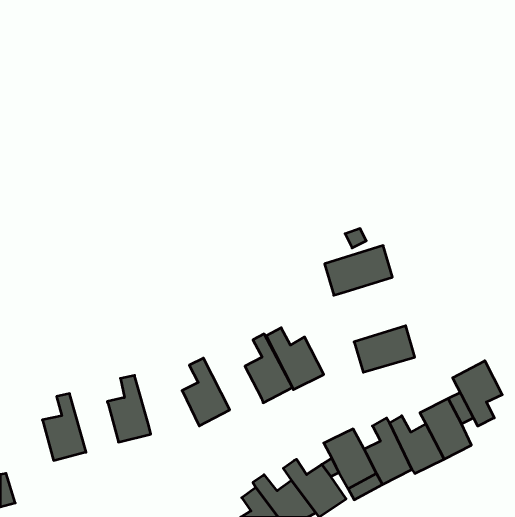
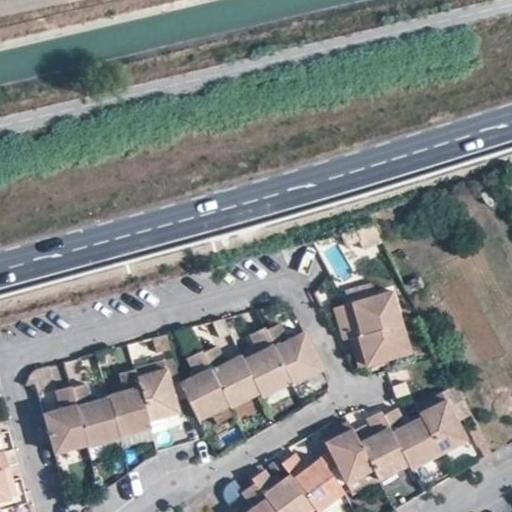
building: [325,246,392,295] -> [336,291,403,340]
building: none -> [204,349,260,407]
building: [453,361,502,426] -> none
building: none -> [135,363,178,421]
building: none -> [71,386,120,449]

